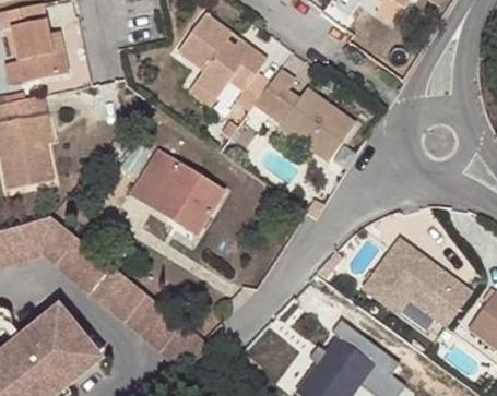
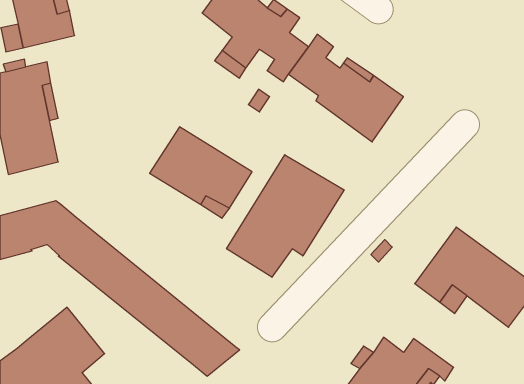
building: none -> [227,155,344,277]

